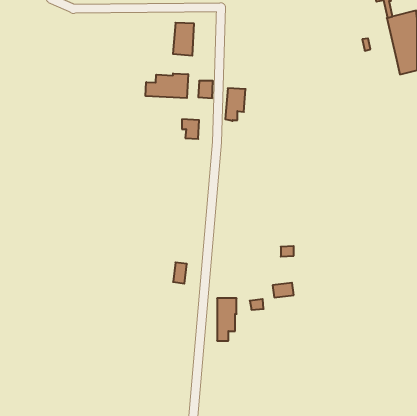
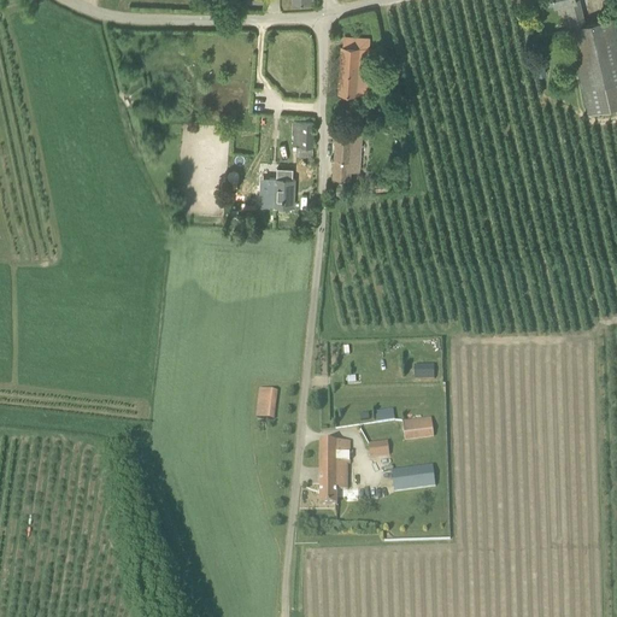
building: [173,23,194,56] -> [339,45,370,93]
building: [146,73,188,98] -> none
building: none -> [392,465,436,492]

